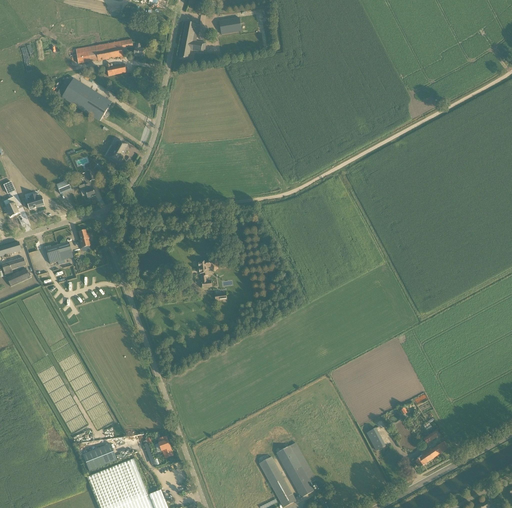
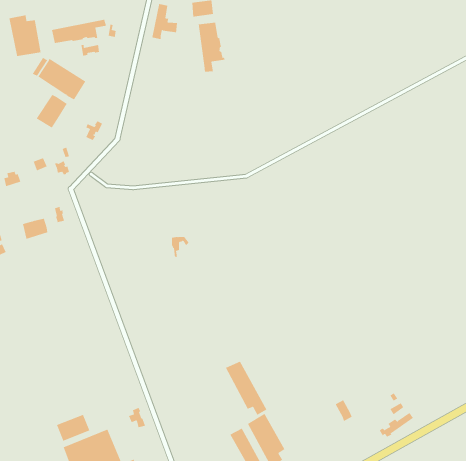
building: none -> [9,14,41,57]
building: none -> [198,22,225,73]
building: none -> [36,94,67,128]
building: none -> [225,361,267,415]

